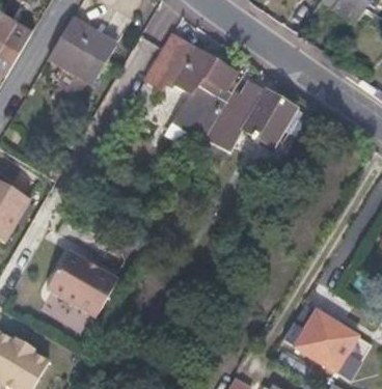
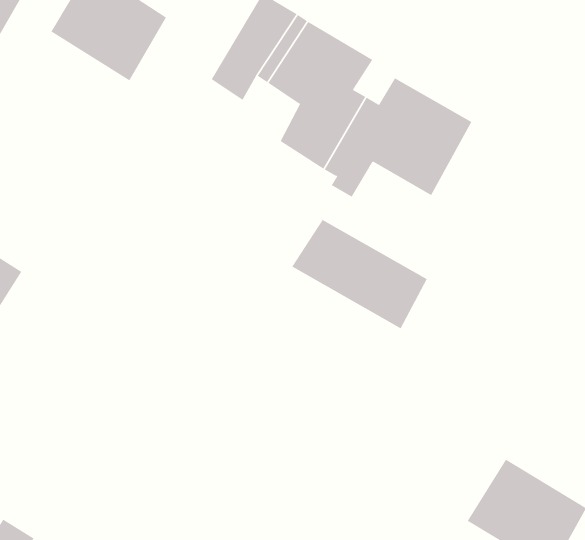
building: none -> [291,219,427,329]
building: [47,252,118,318] -> none

